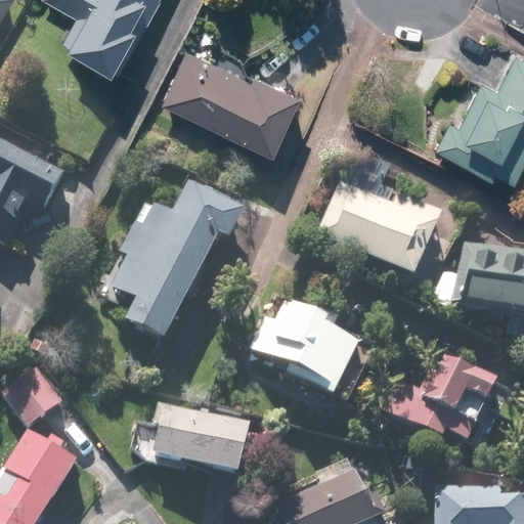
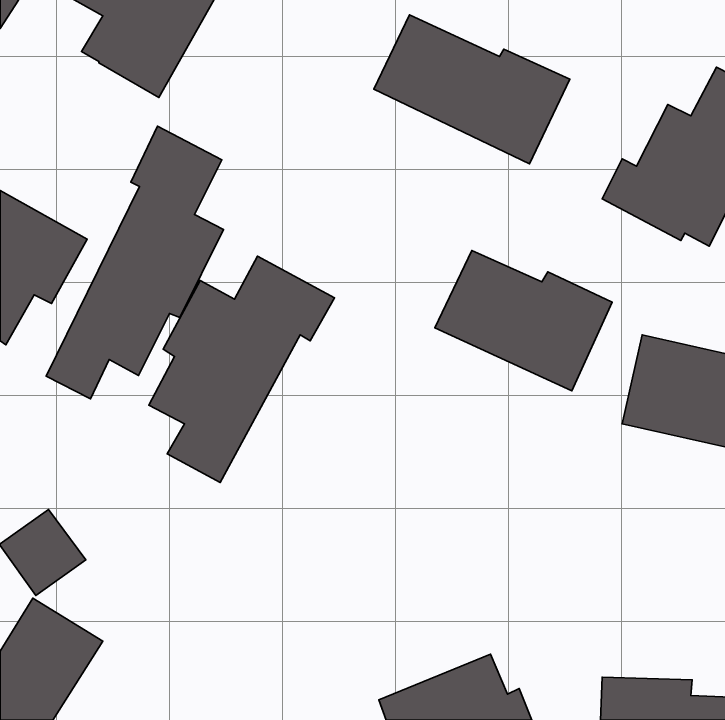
building: [162,43,302,149] -> [374,15,570,164]
building: none -> [46,126,223,399]
building: [251,300,358,398] -> none
building: [383,359,493,443] -> none
building: [146,401,251,477] -> none

